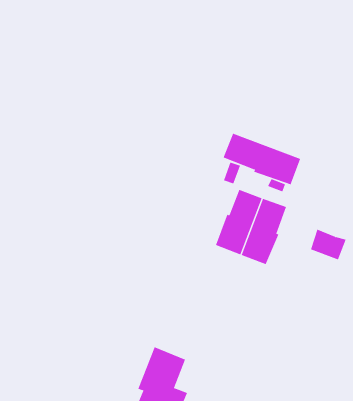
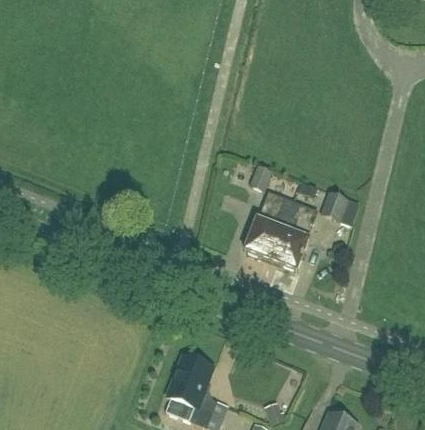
building: [223,133,301,185] -> none
building: [310,229,346,260] -> [321,193,358,225]

